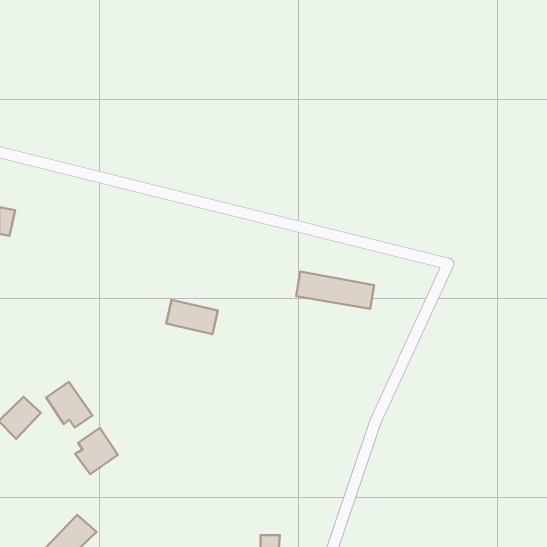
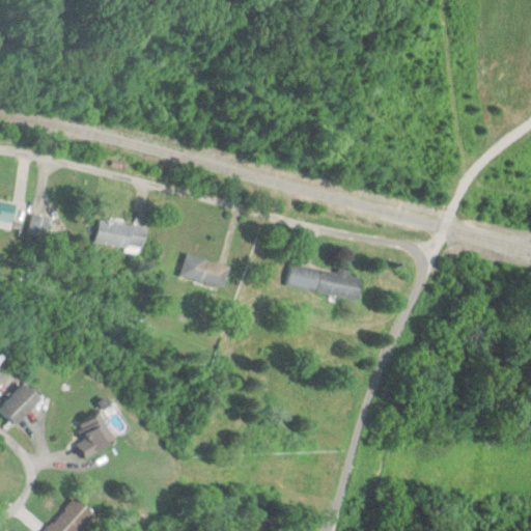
building: none -> [93,219,145,252]
building: [166,300,218,334] -> [179,254,229,287]
building: [46,382,92,427] -> none

